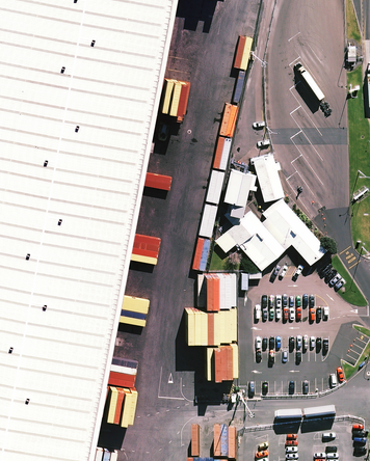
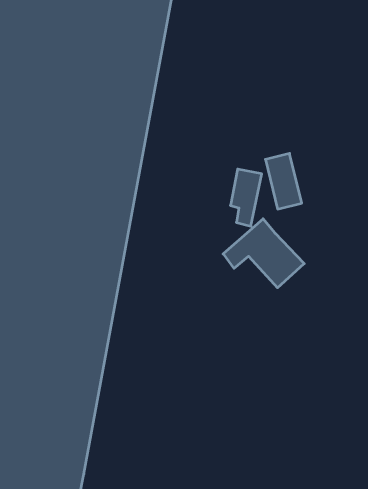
building: [258,201,325,264] -> none

